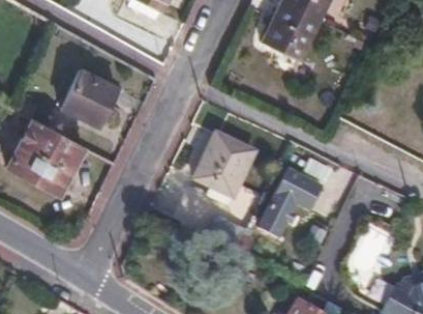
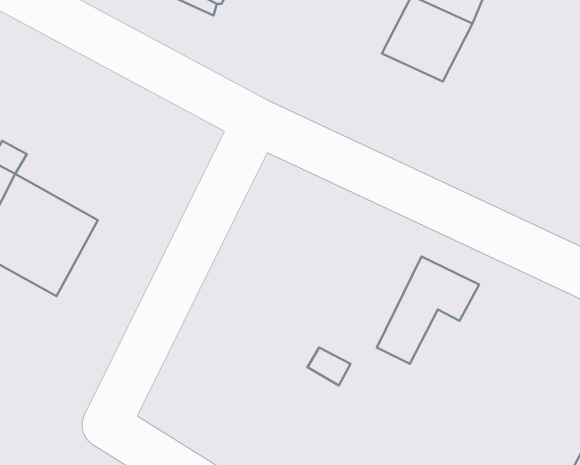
building: [62,68,117,125] -> none
building: [193,132,254,196] -> none

